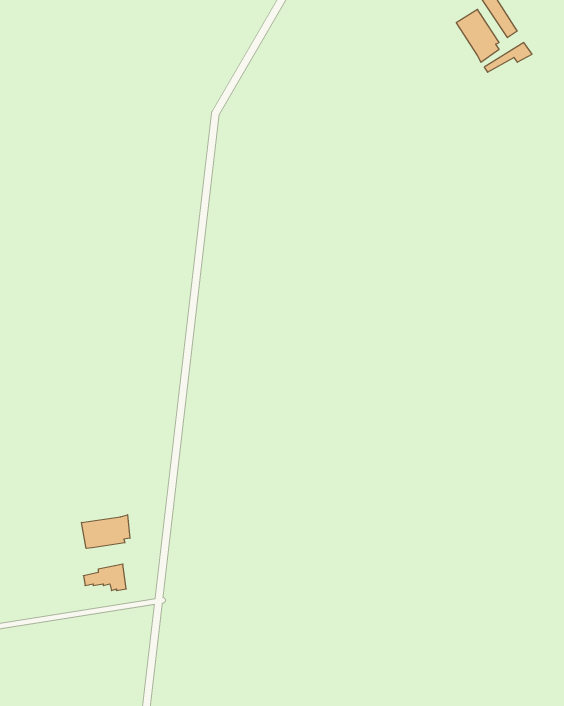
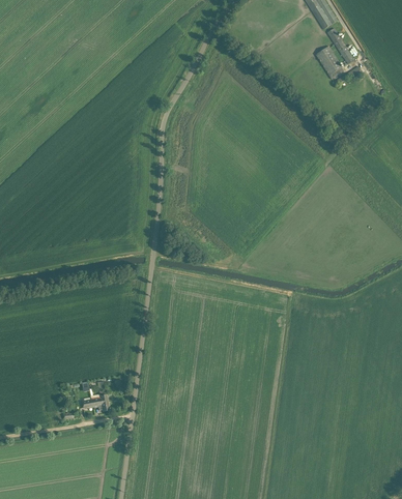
building: [82,515,130,548] -> none

